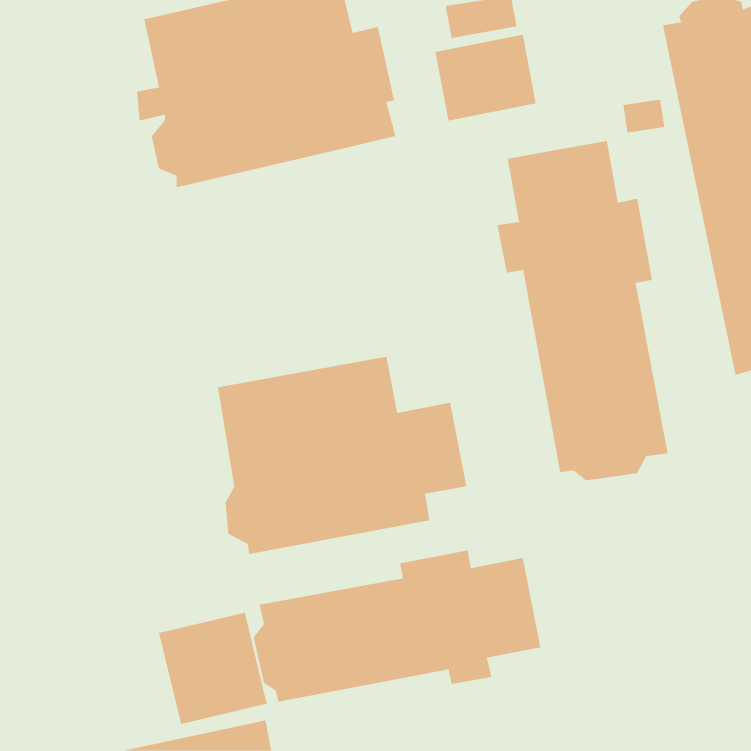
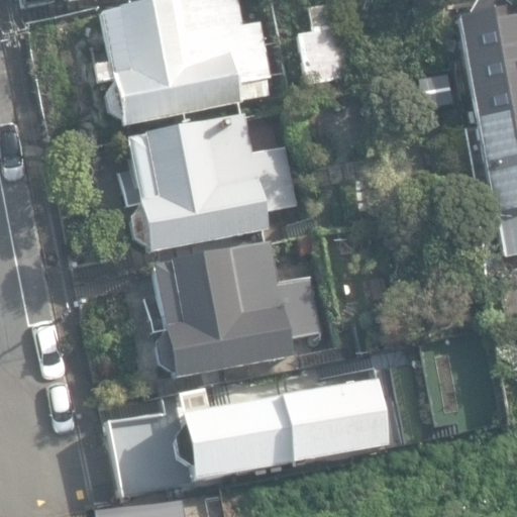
building: [497,140,668,481] -> none
building: none -> [127,114,300,252]

